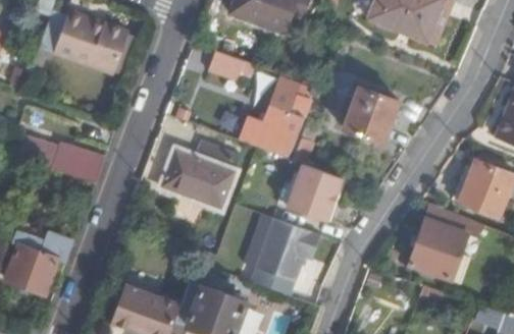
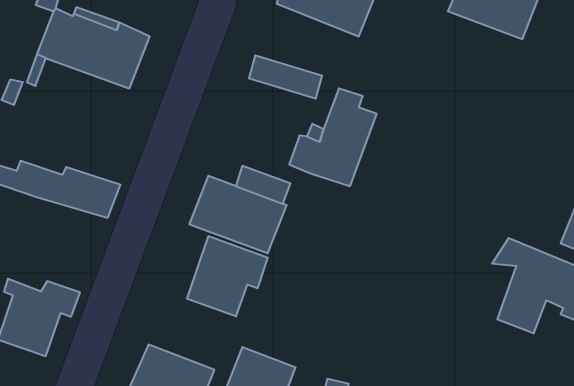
building: [343,85,400,141] -> none
building: [287,161,341,219] -> none
building: [253,216,318,280] -> [187,236,268,316]

